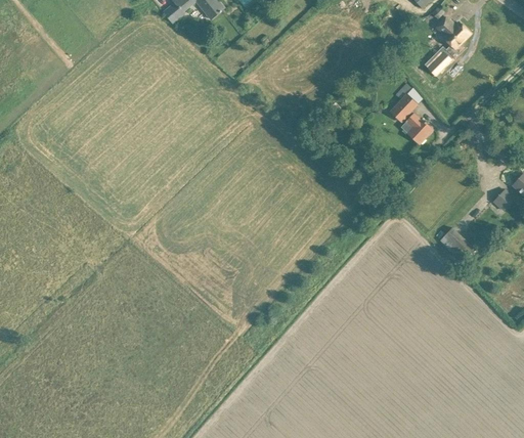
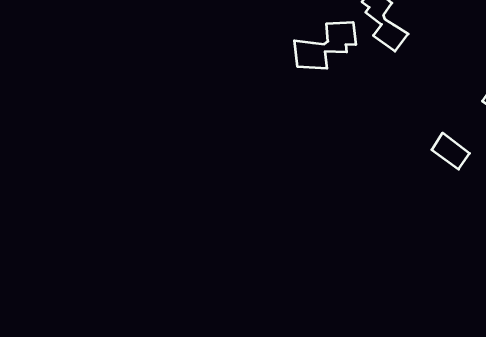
building: none -> [294,22,356,68]

